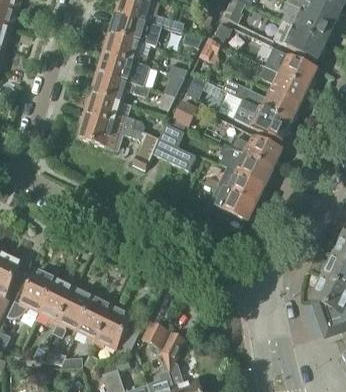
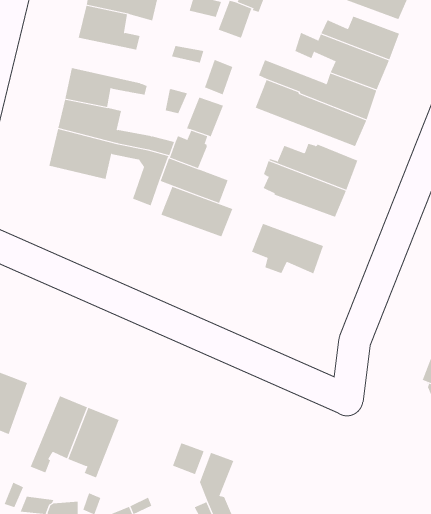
building: [99,54,150,87] -> none
building: [216,167,264,203] -> [160,186,233,237]
building: [39,277,74,324] -> none
building: [94,306,138,350] -> none

